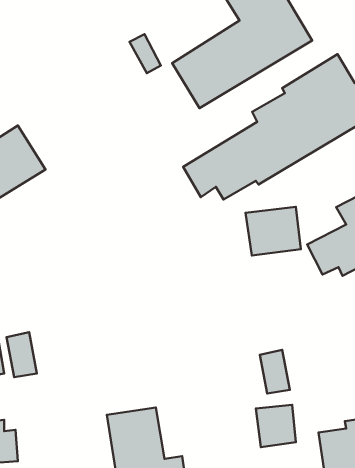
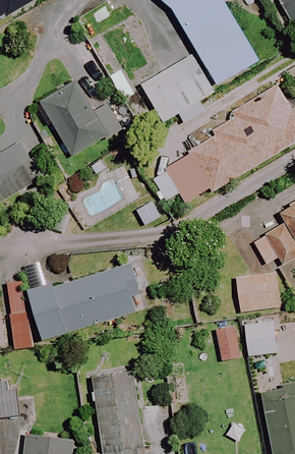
building: none -> [42,81,120,156]
building: [246,207,301,256] -> [235,271,280,310]
building: none -> [30,262,139,338]
building: [256,405,296,447] -> [244,320,277,354]

